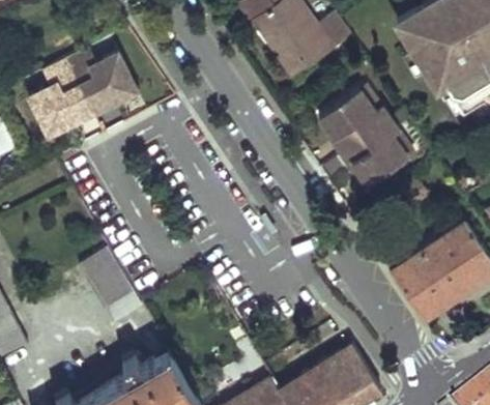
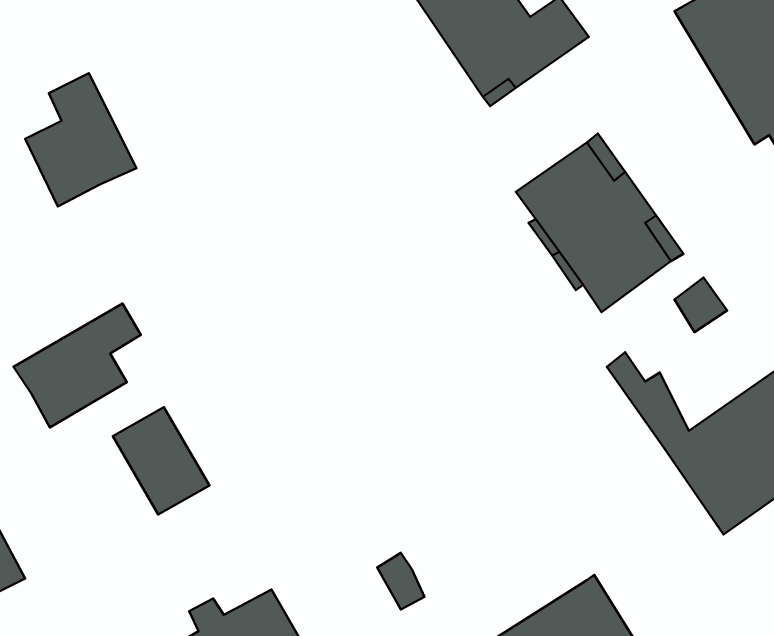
building: [65,46,137,112] -> none
building: none -> [13,303,141,428]

